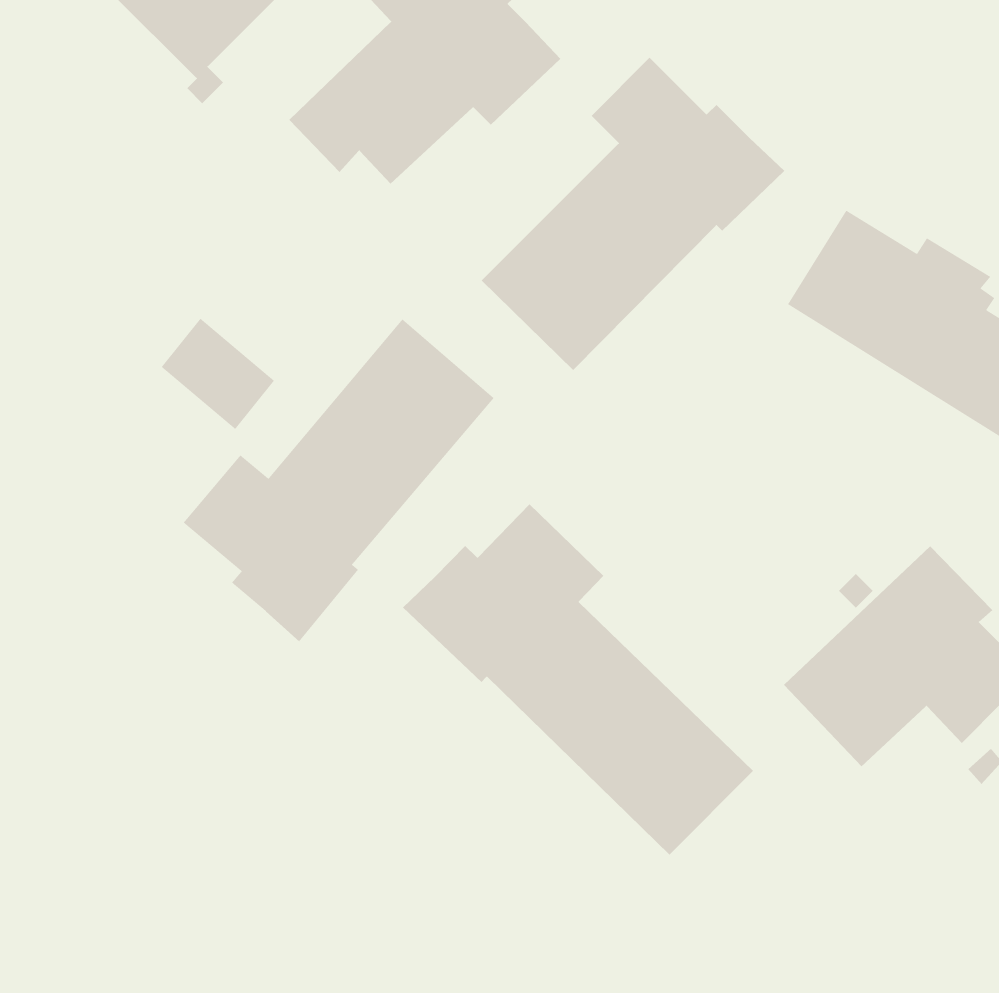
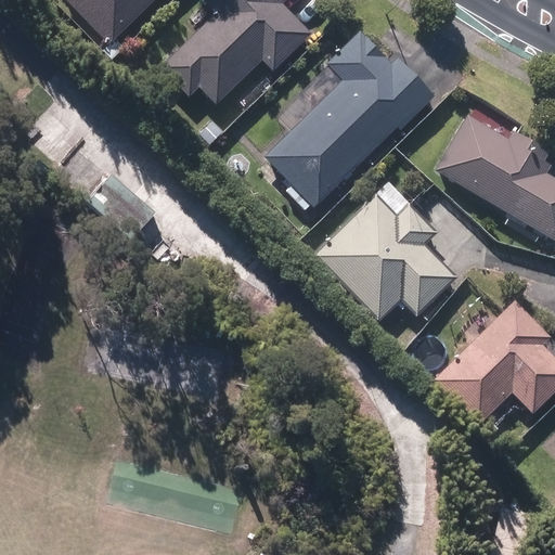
building: [183,319,495,642] -> none
building: none -> [315,193,457,319]
building: [402,503,754,856] -> none

